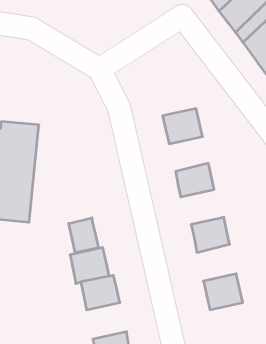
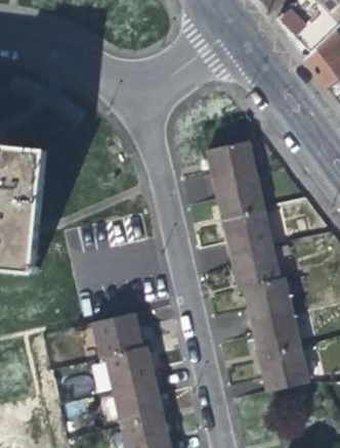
building: none -> [215,175,264,219]
building: none -> [229,241,280,286]
building: [69,218,99,253] -> none
building: none -> [250,310,299,356]
building: none -> [112,383,162,429]

